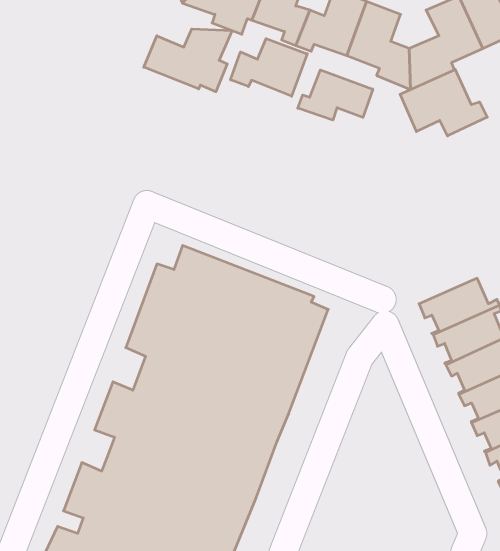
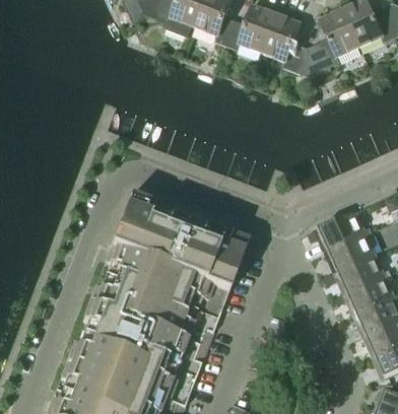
building: [144,29,232,92] -> none
building: [231,39,307,96] -> none
building: [400,69,487,136] -> none
building: [298,70,373,120] -> none

